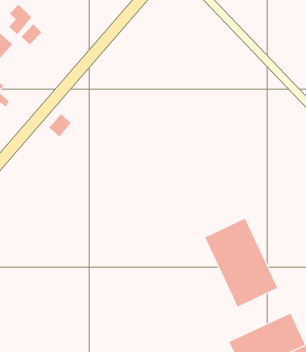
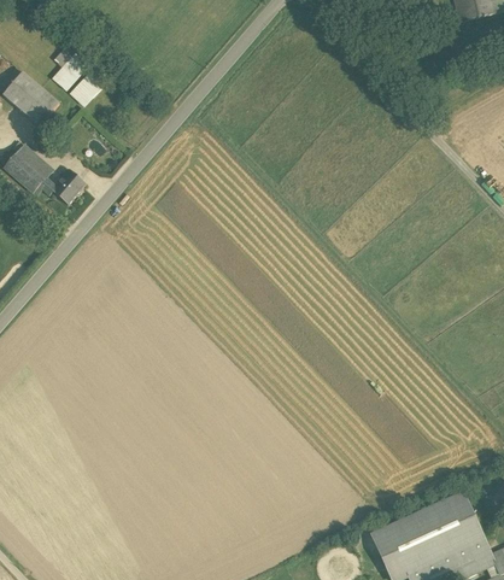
building: [48,113,72,137] -> [51,169,84,204]
building: [204,218,278,307] -> none

